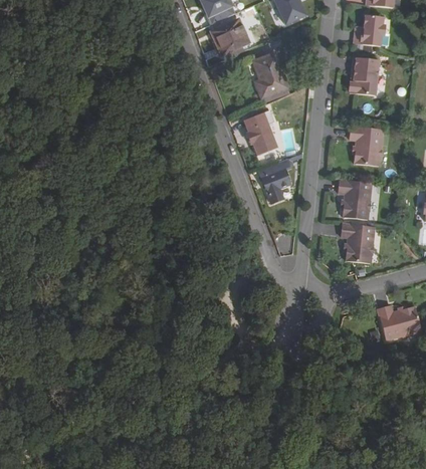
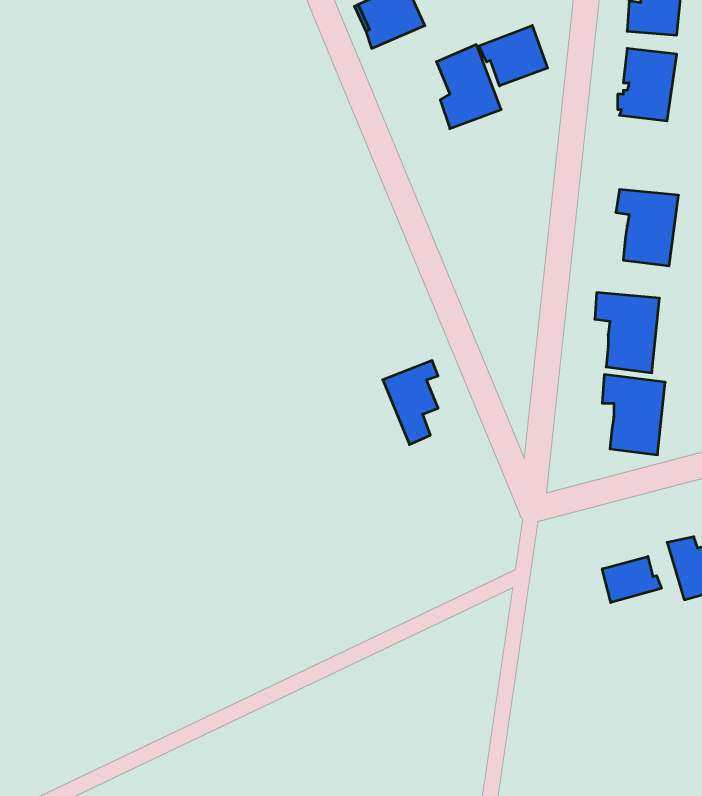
building: none -> [479,25,548,86]
building: [241,110,275,154] -> none
building: [259,158,288,202] -> [383,361,438,445]
building: none -> [602,556,661,603]

